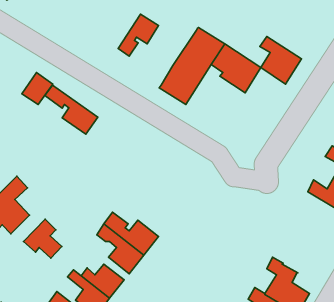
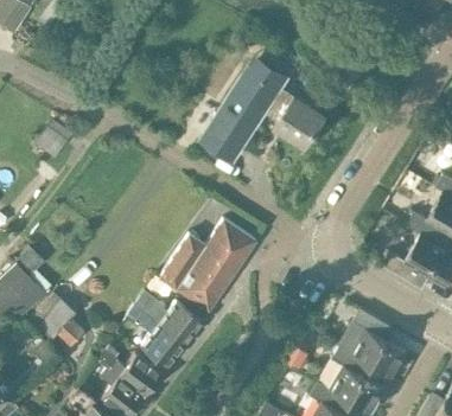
building: [118,14,159,56] -> none
building: [260,36,302,84] -> none
building: [45,85,98,134] -> none
building: none -> [160,219,256,311]
building: none -> [340,309,408,378]

